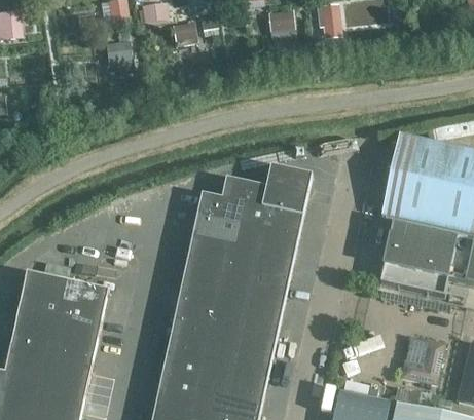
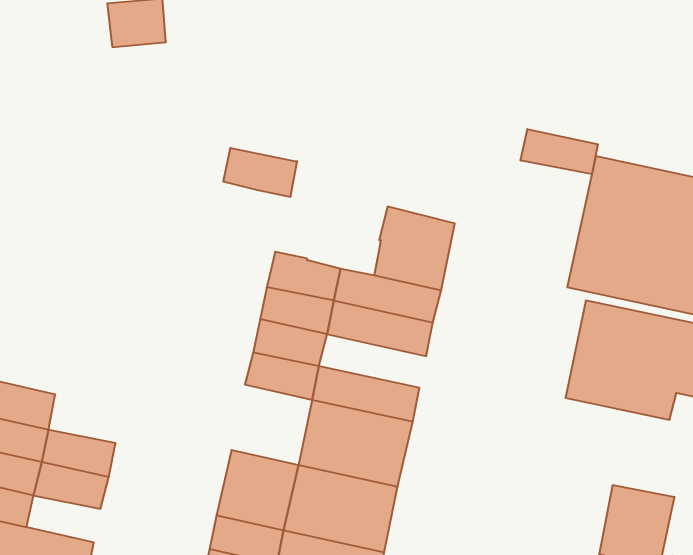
building: none -> [521,129,598,174]
building: [220,180,265,209] -> [223,148,297,197]
building: [227,245,293,278] -> none
building: [174,276,223,326] -> none
building: [62,282,107,312] -> none
building: [48,344,94,373] -> none

